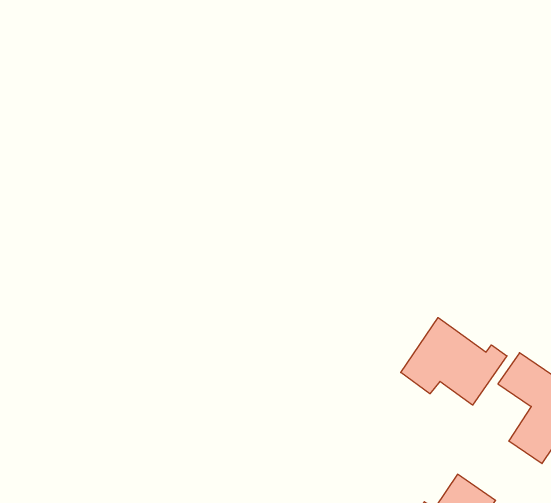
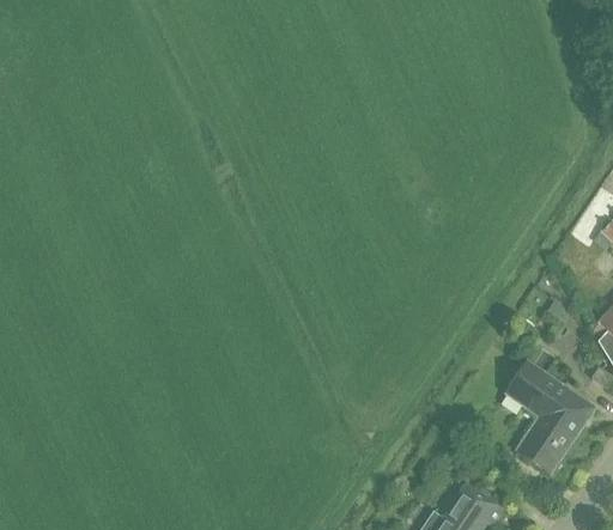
building: [401,318,507,405] -> none

